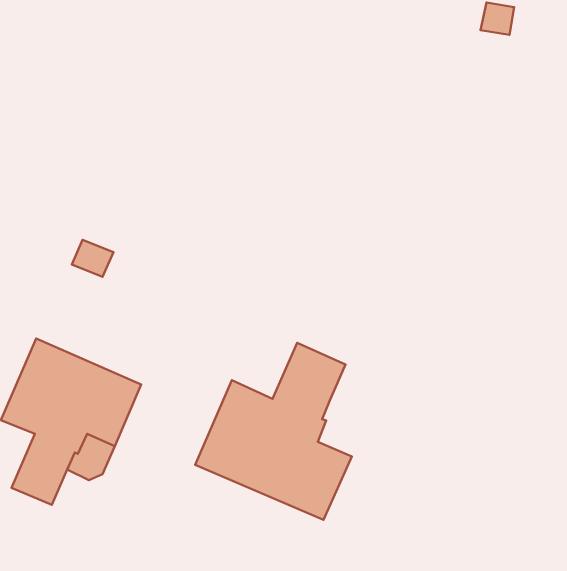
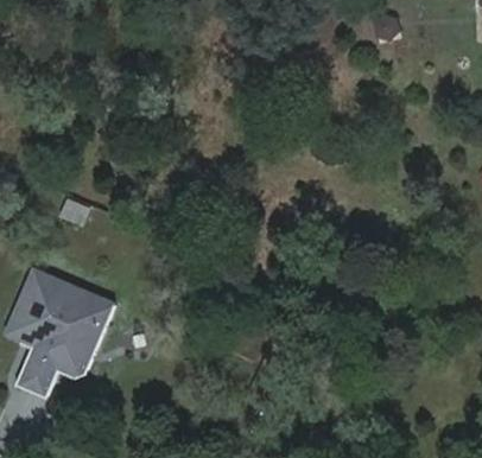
building: [195,343,352,520] -> none

